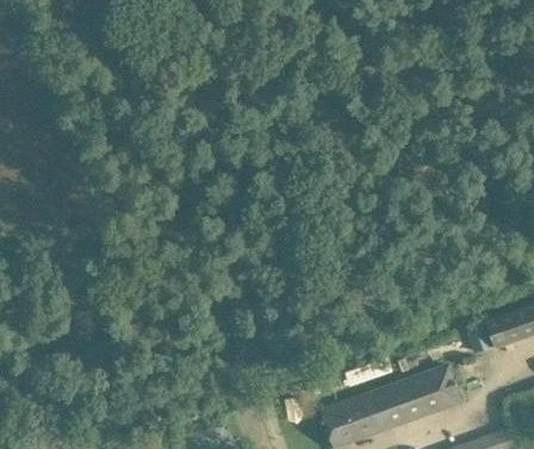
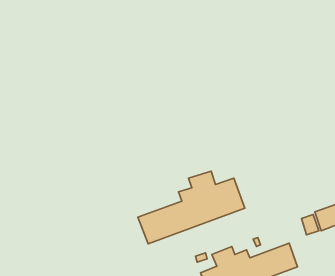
building: none -> [138,171,245,244]

